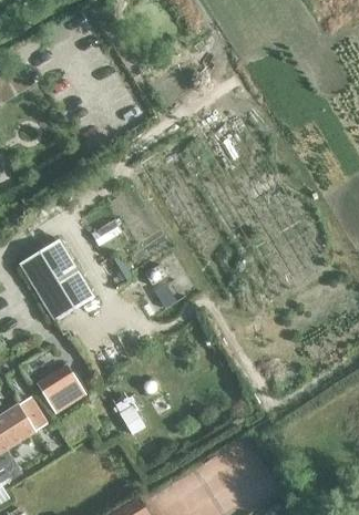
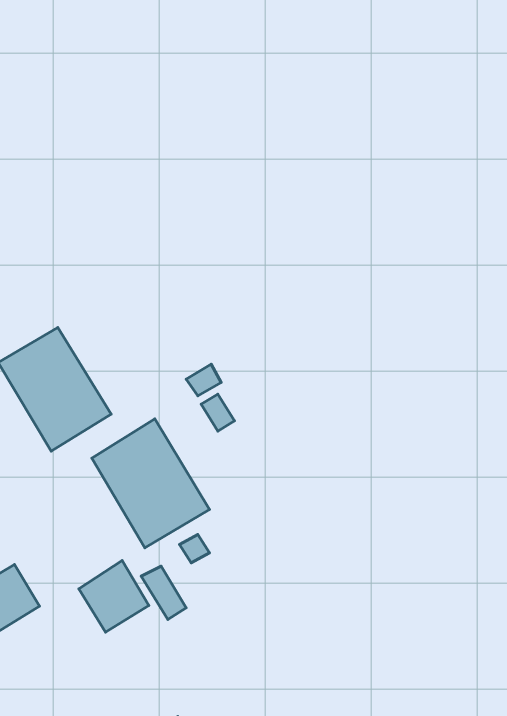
building: none -> [92,419,209,548]
building: [38,364,84,412] -> [79,560,149,632]

